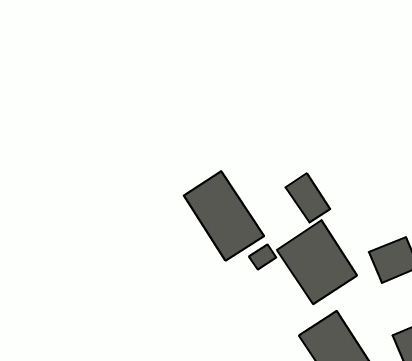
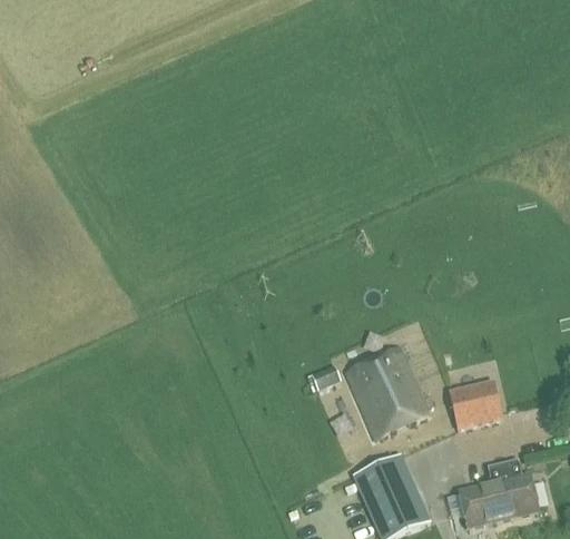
building: [184,171,264,261] -> none
building: [285,173,330,223] -> none

